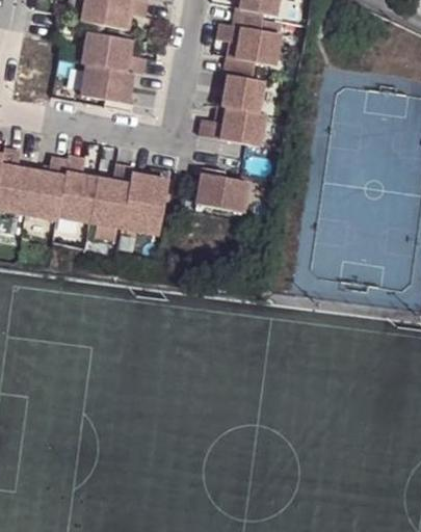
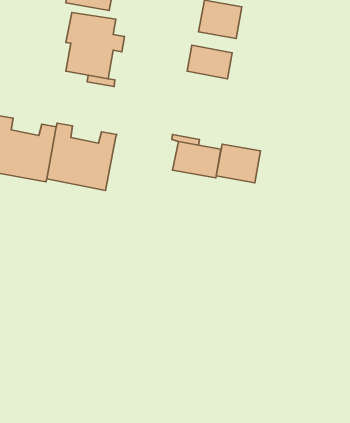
building: [215,102,261,142] -> none
building: [124,170,172,236] -> none
building: none -> [216,144,261,183]

